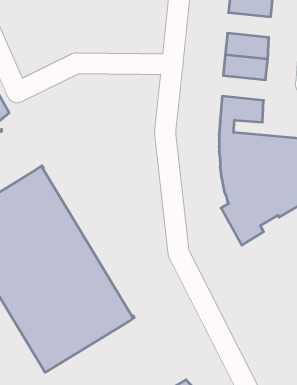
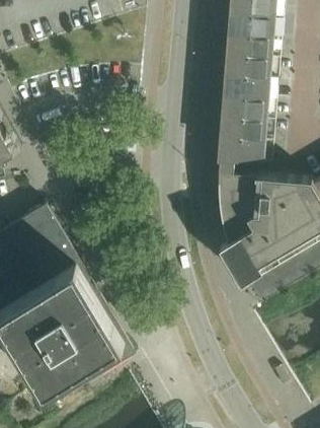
building: none -> [225,56,267,80]
building: none -> [220,118,262,142]

